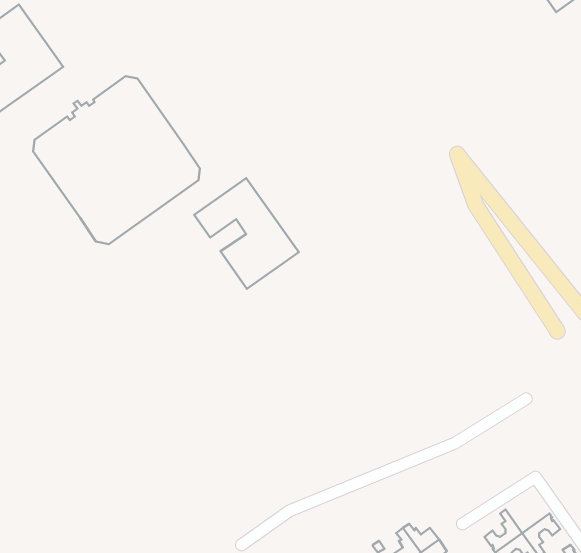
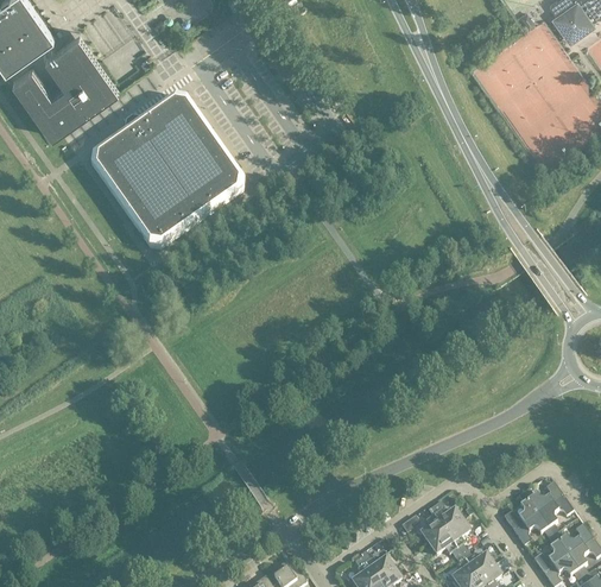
building: [194,178,299,289] -> none
building: none -> [521,480,562,512]

